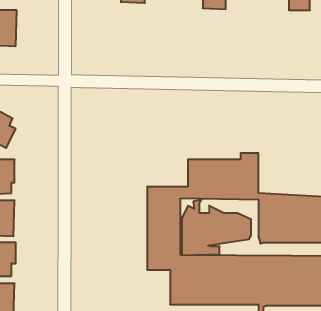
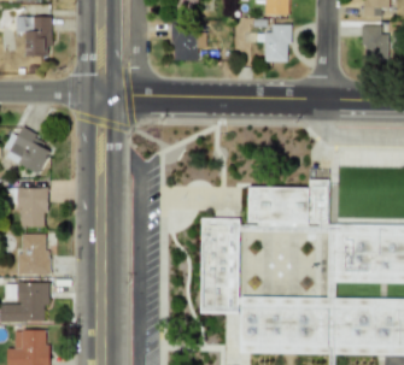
building: none -> [264,24,289,61]
building: none -> [363,24,388,53]
building: none -> [171,25,198,60]

